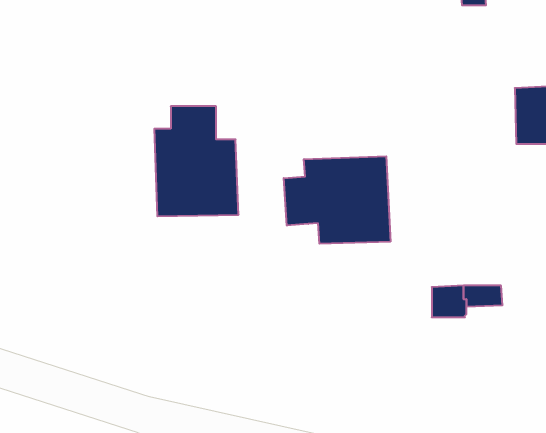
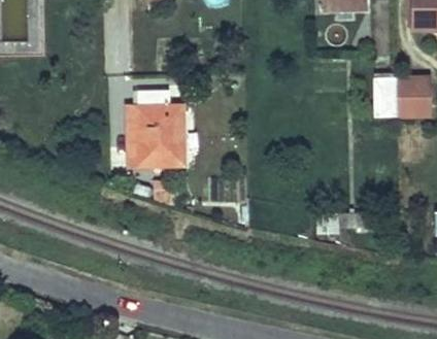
building: [284,156,390,244] -> none

